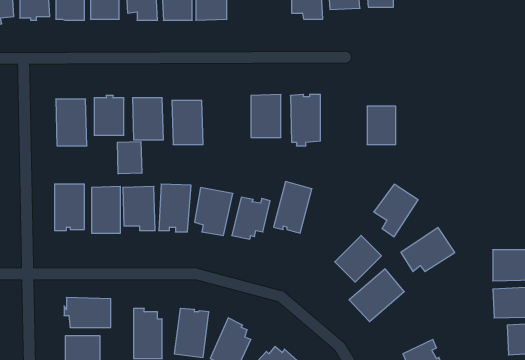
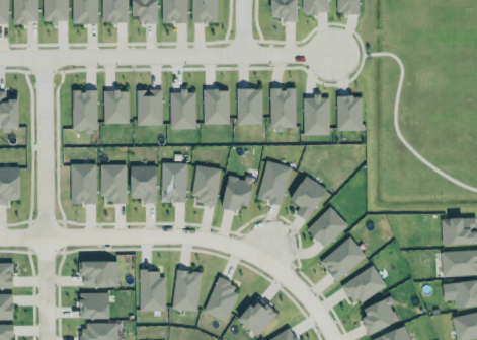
building: none -> [203,87,231,125]
building: none -> [304,97,330,136]
building: [117,142,142,174] -> none
building: [374,184,418,237] -> [290,176,327,220]
building: [401,227,455,272] -> [341,266,387,303]

